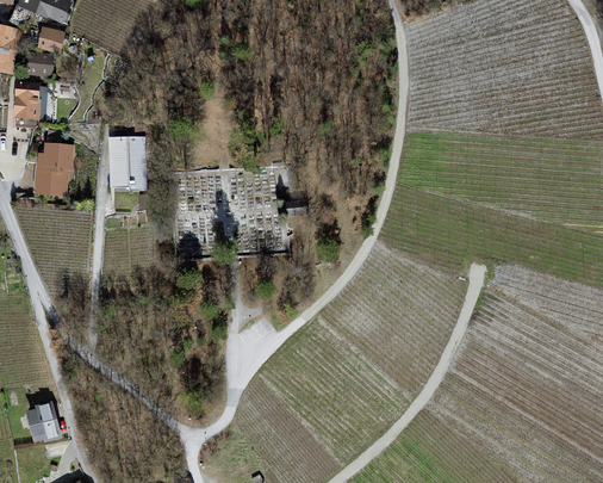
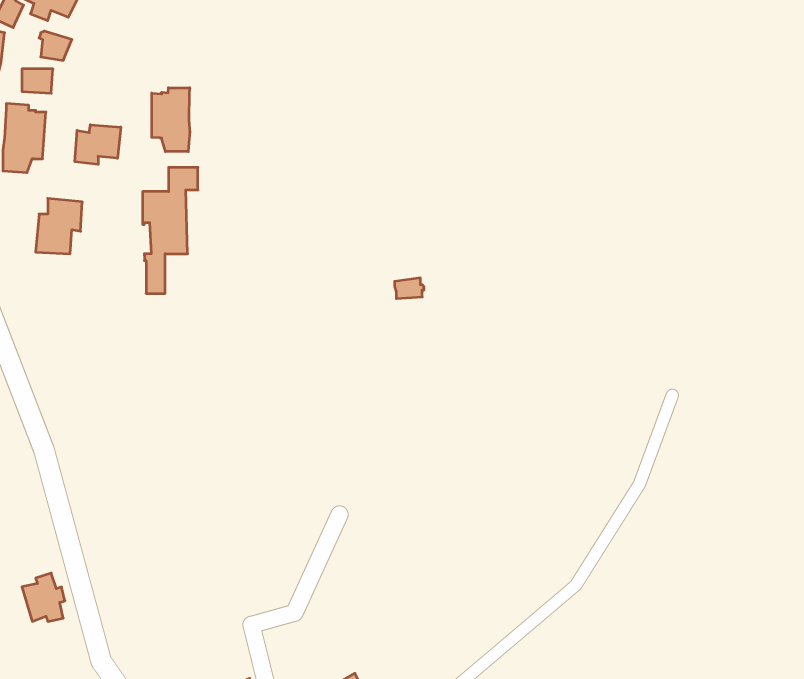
building: none -> [152,88,190,152]
building: none -> [75,125,121,164]

